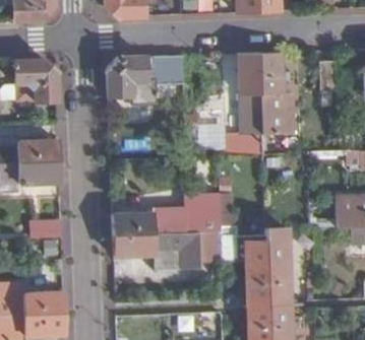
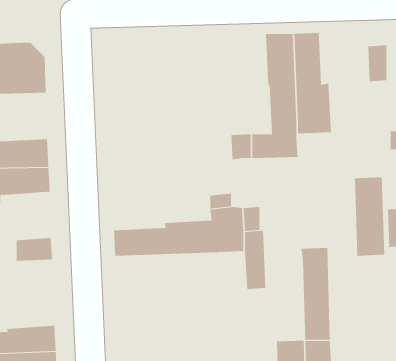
building: [106,54,183,104] -> none
building: [112,231,199,268] -> none
building: [243,240,268,304] -> [354,177,385,256]

